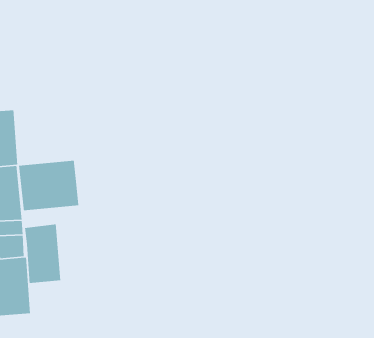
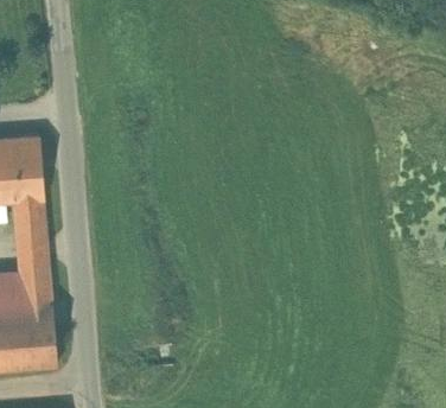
building: [18,160,79,211] -> none
building: [24,223,61,284] -> none

